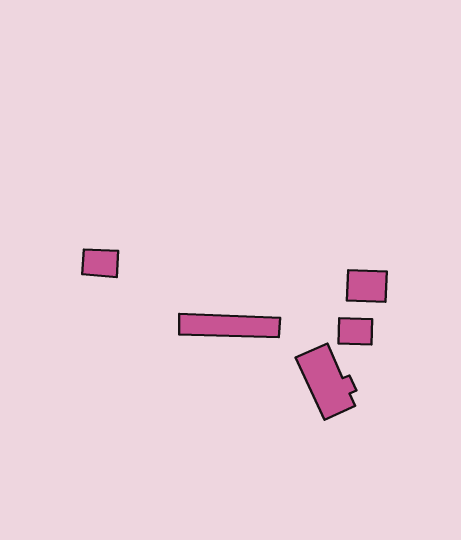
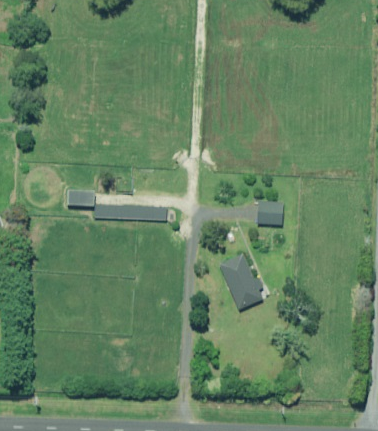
building: [179,314,280,337] -> [94,204,167,221]
building: [338,318,372,345] -> none

